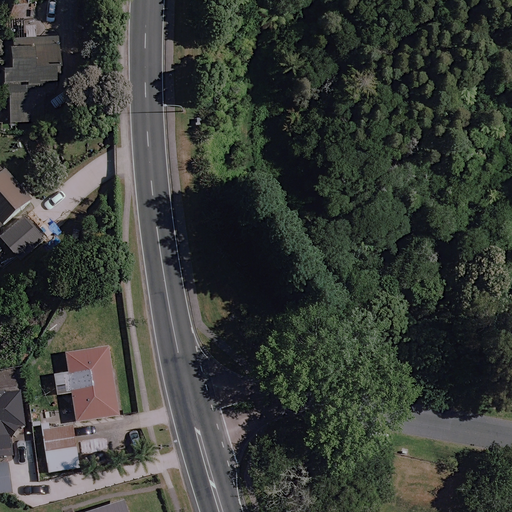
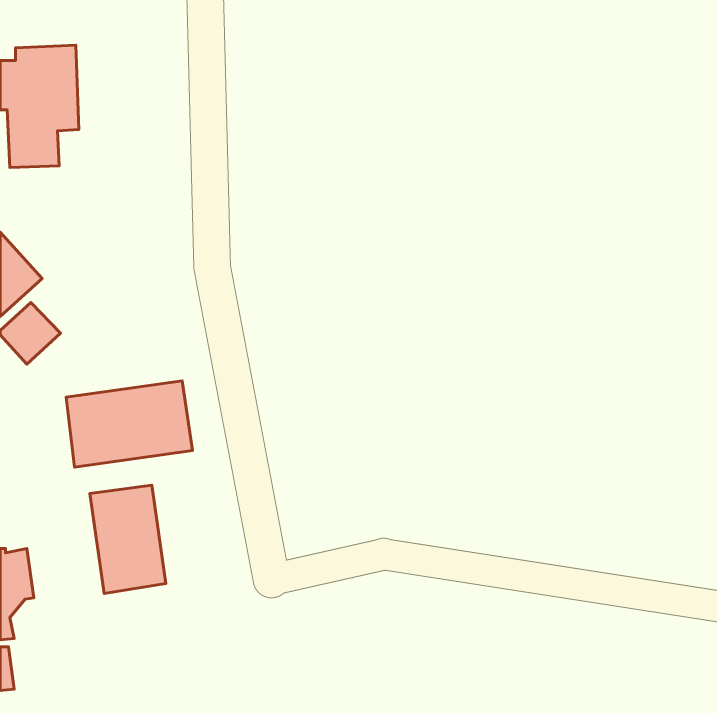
building: none -> [66,381,192,467]
building: [43,424,79,471] -> none

